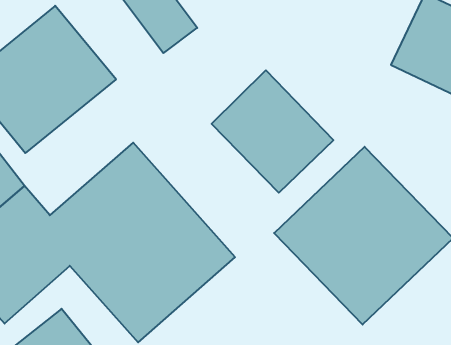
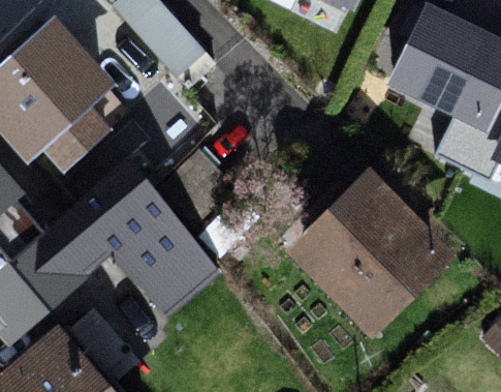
building: [212,70,333,193] -> none

